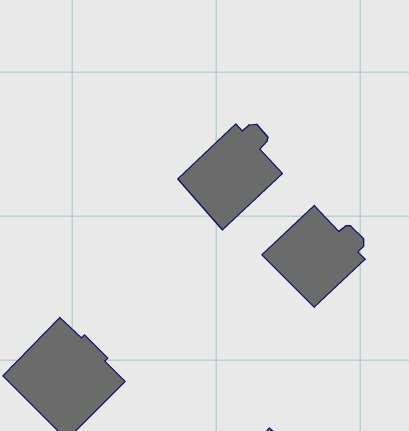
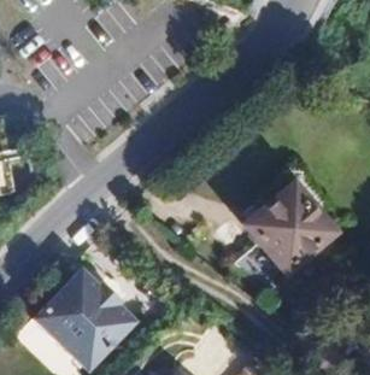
building: [178,124,282,230] -> none

